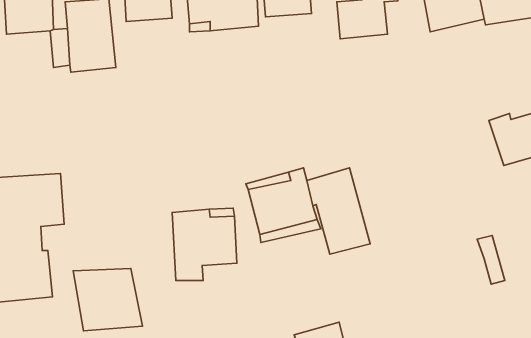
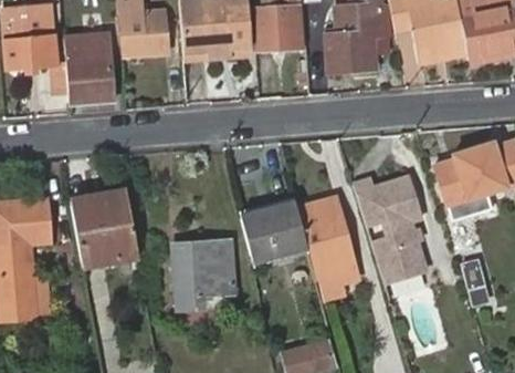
building: none -> [434,149,492,222]
building: none -> [355,174,428,286]
building: [73,269,142,331] -> [71,195,137,255]

